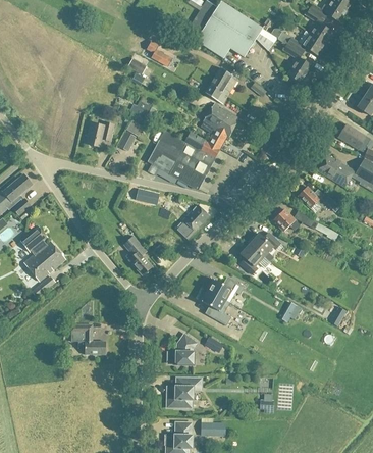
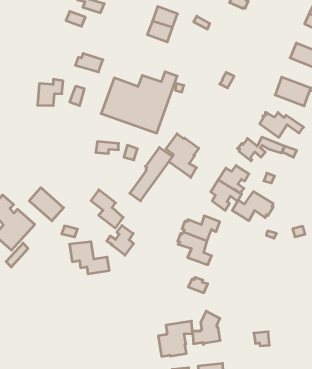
building: [200,102,239,139] -> none
building: none -> [166,134,199,178]
building: none -> [29,188,64,221]
building: none -> [232,192,273,221]
building: none -> [107,225,134,255]
building: [70,323,105,355] -> [69,242,109,274]
building: [166,334,196,365] -> [192,311,220,344]

